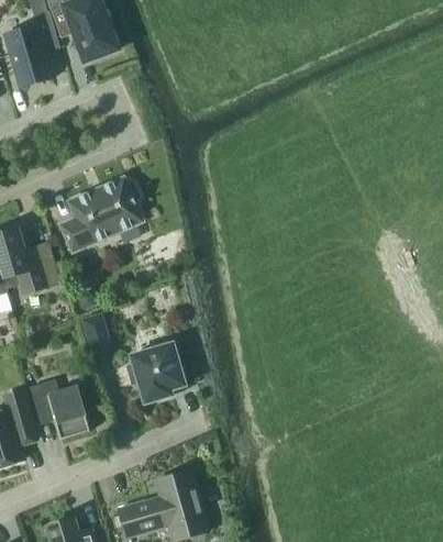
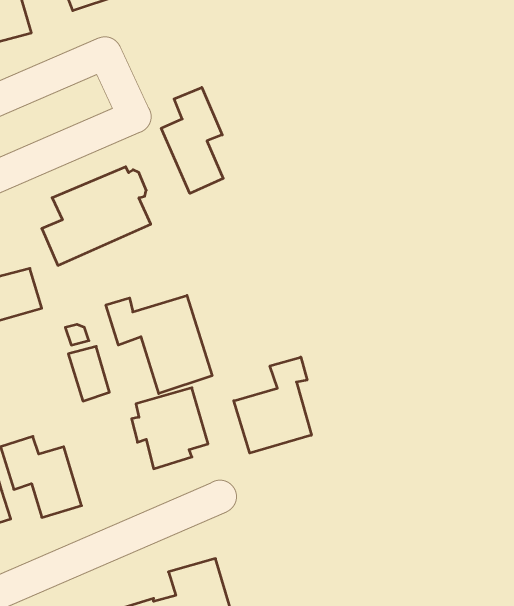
building: none -> [161,87,223,193]
building: none -> [106,295,212,394]
building: none -> [234,357,311,453]

